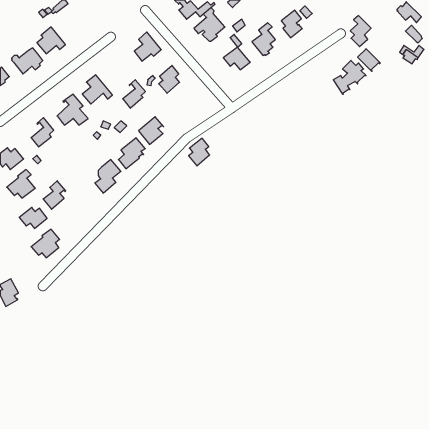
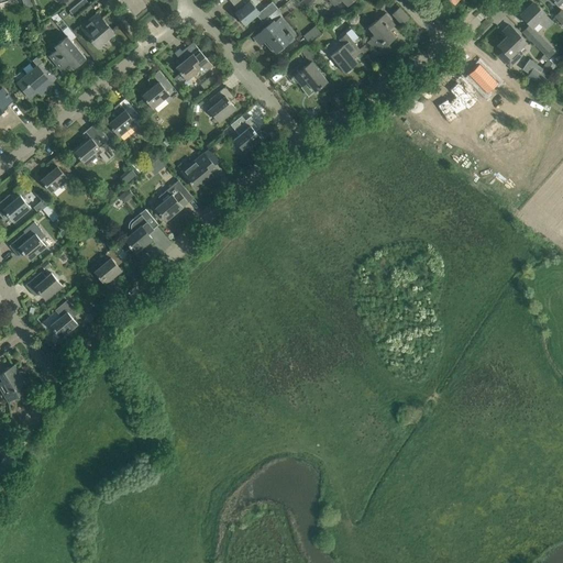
building: none -> [80,12,114,48]
building: [350,16,371,47] -> [498,25,526,66]
building: [123,80,145,108] -> [142,70,172,108]
building: [189,138,210,166] -> [233,117,261,153]
building: [43,181,66,209] -> [93,247,123,285]

